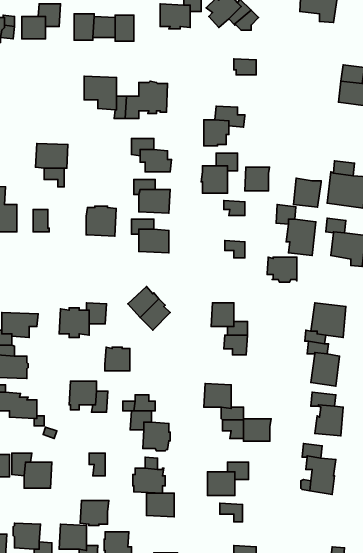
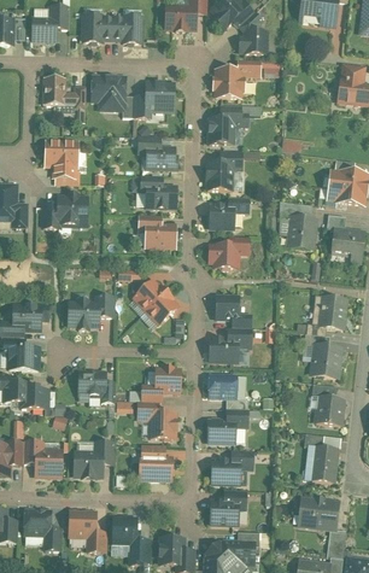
building: none -> [240,31,266,53]
building: none -> [213,69,244,97]
building: none -> [43,76,86,107]
building: [245,167,270,191] -> [210,205,234,228]
building: [293,178,321,207] -> none
building: [86,206,116,236] -> [58,195,87,224]
building: [267,257,297,282] -> [209,245,238,269]
building: [105,347,130,371] -> [156,368,180,391]
building: none -> [210,339,236,361]
building: [244,419,271,441] -> [209,420,235,442]
building: [147,493,174,517] -> [211,501,238,524]
building: [80,501,109,526] -> [75,452,102,476]
building: none -> [300,498,338,528]

